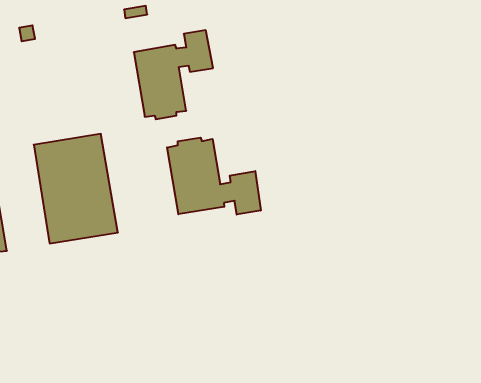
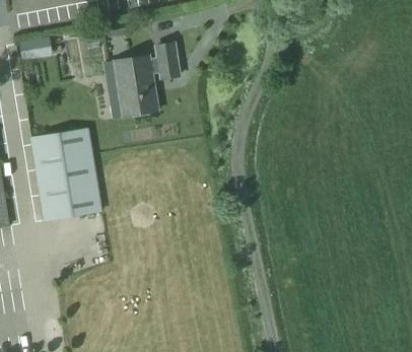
building: [167,138,261,215] -> none

